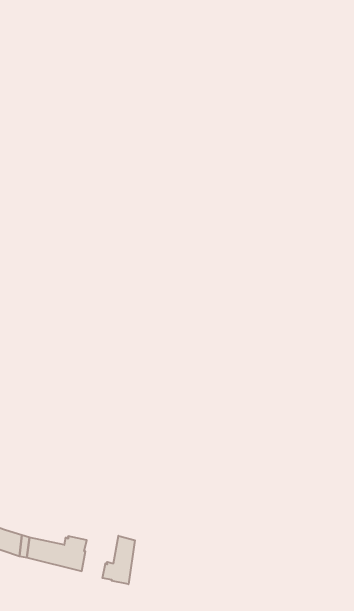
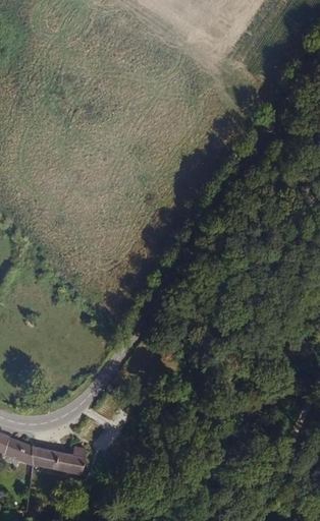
building: [102,536,135,584] -> none

